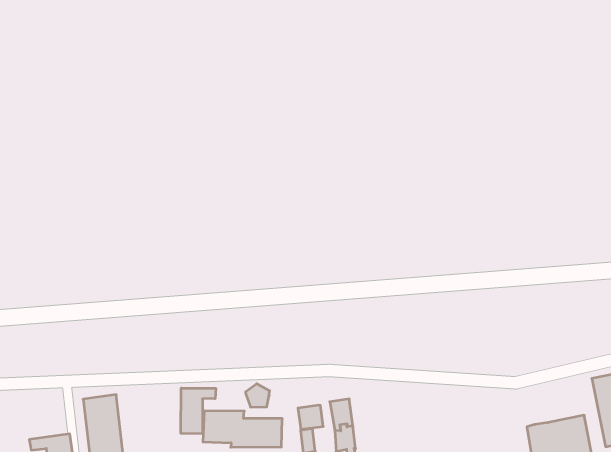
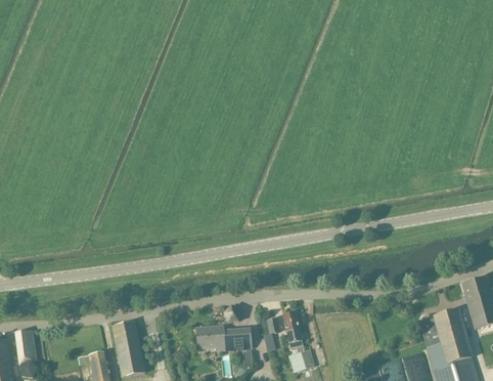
building: [181,388,216,434] -> none

